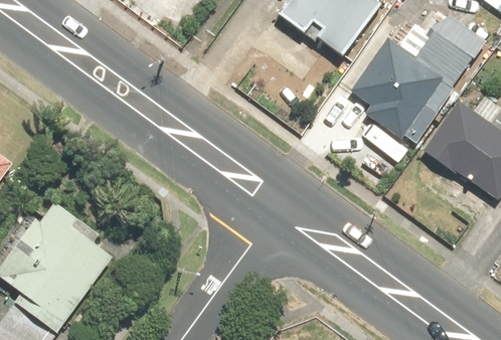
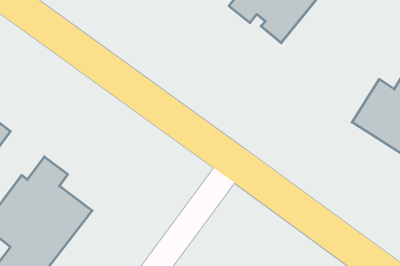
building: [352,30,473,147] -> none

